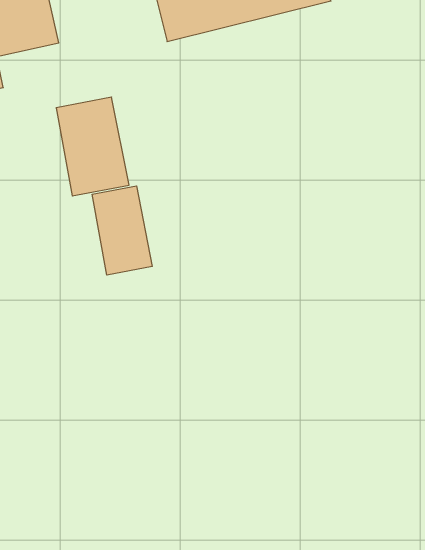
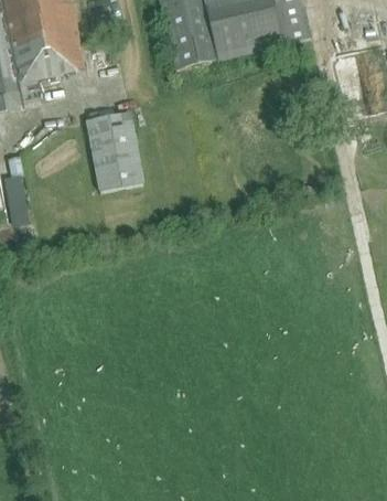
building: [92,186,152,275] -> none

